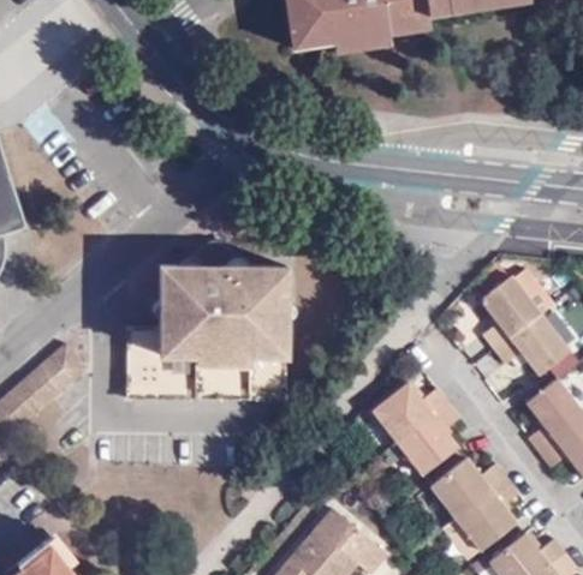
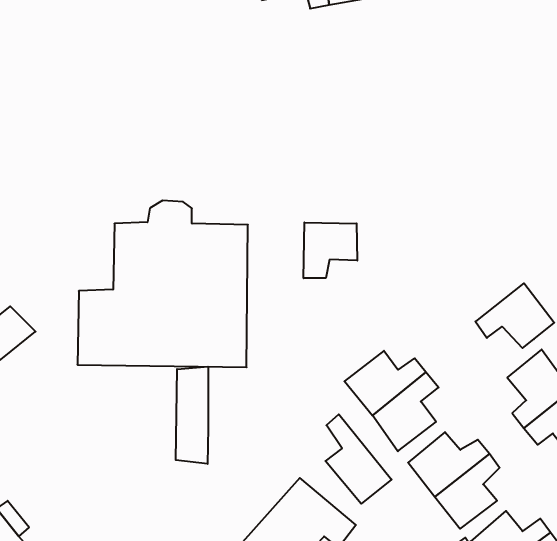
building: none -> [304,222,357,278]
building: [484,277,557,359] -> none
building: none -> [176,367,208,464]
building: none -> [325,414,392,504]

